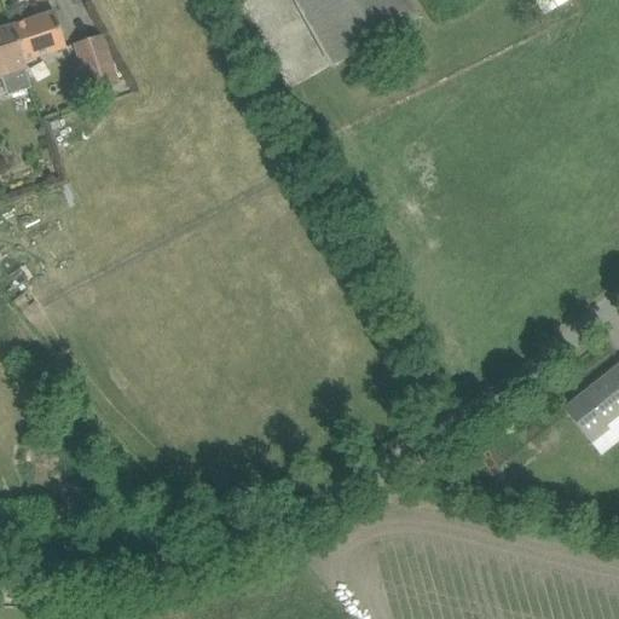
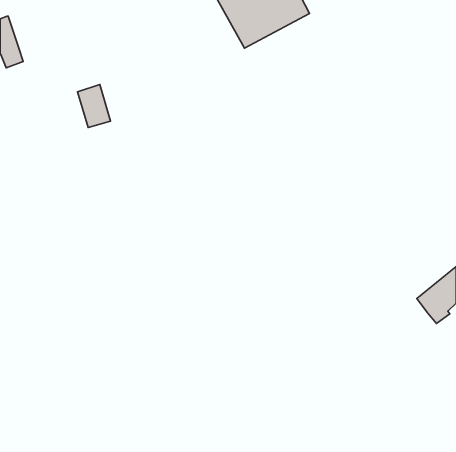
building: [11,7,65,65] -> none
building: [74,29,118,87] -> [78,85,111,127]

